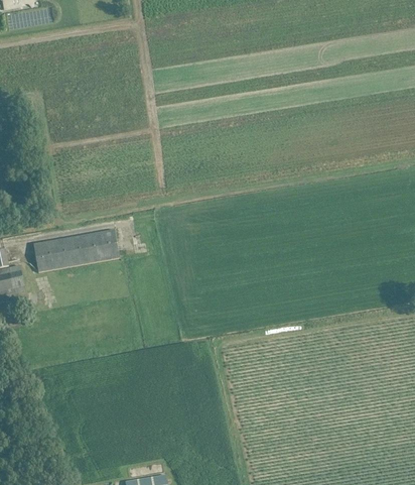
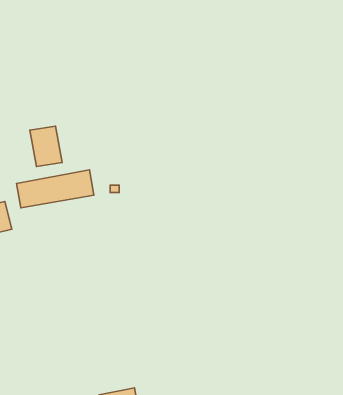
building: none -> [30,126,62,166]

